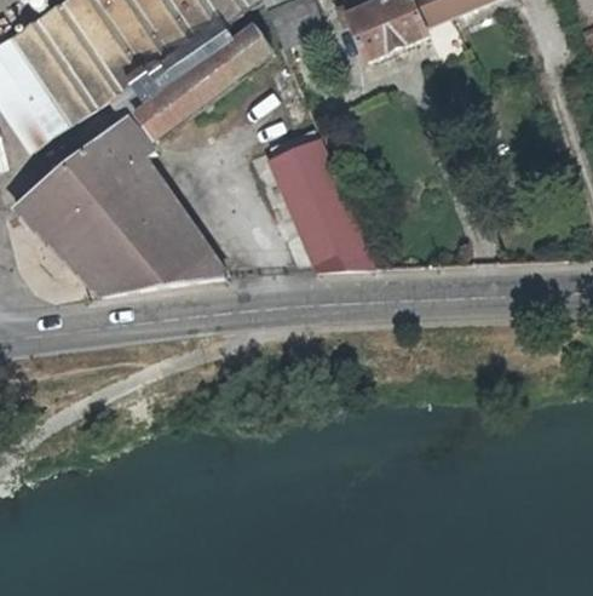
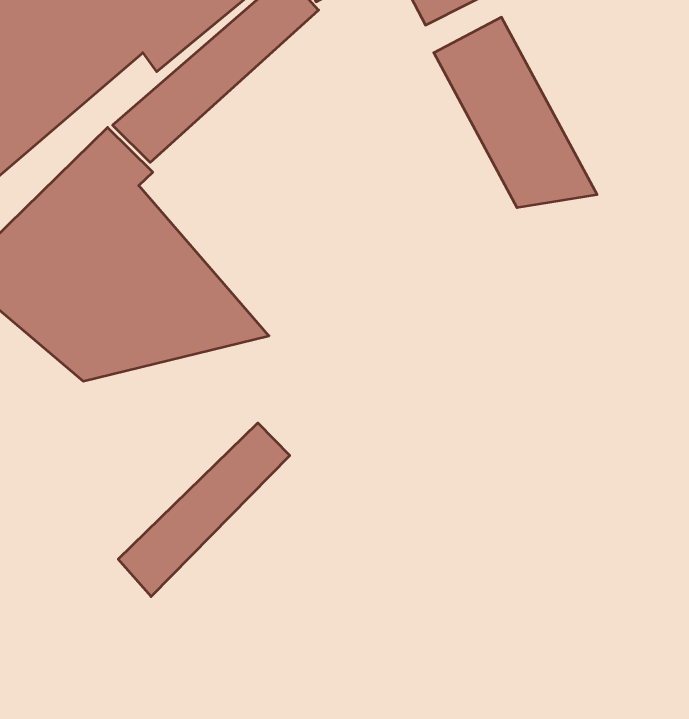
building: [269,132,375,269] -> [434,17,597,208]
building: none -> [118,423,290,597]

